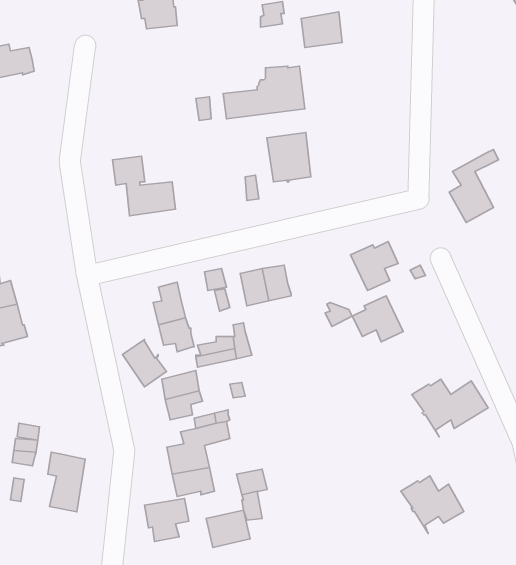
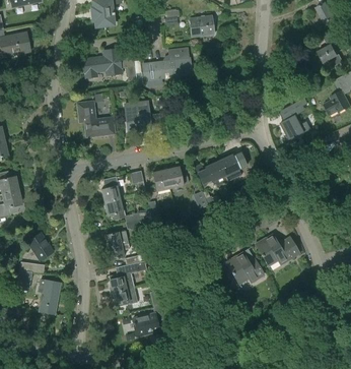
building: none -> [83,48,121,78]
building: [267,133,311,182] -> [124,102,150,131]
building: [352,296,403,342] -> [198,161,228,188]
building: [122,339,167,387] -> [27,232,54,260]
building: [401,476,464,534] -> [225,253,263,288]
building: [145,498,189,541] -> none

